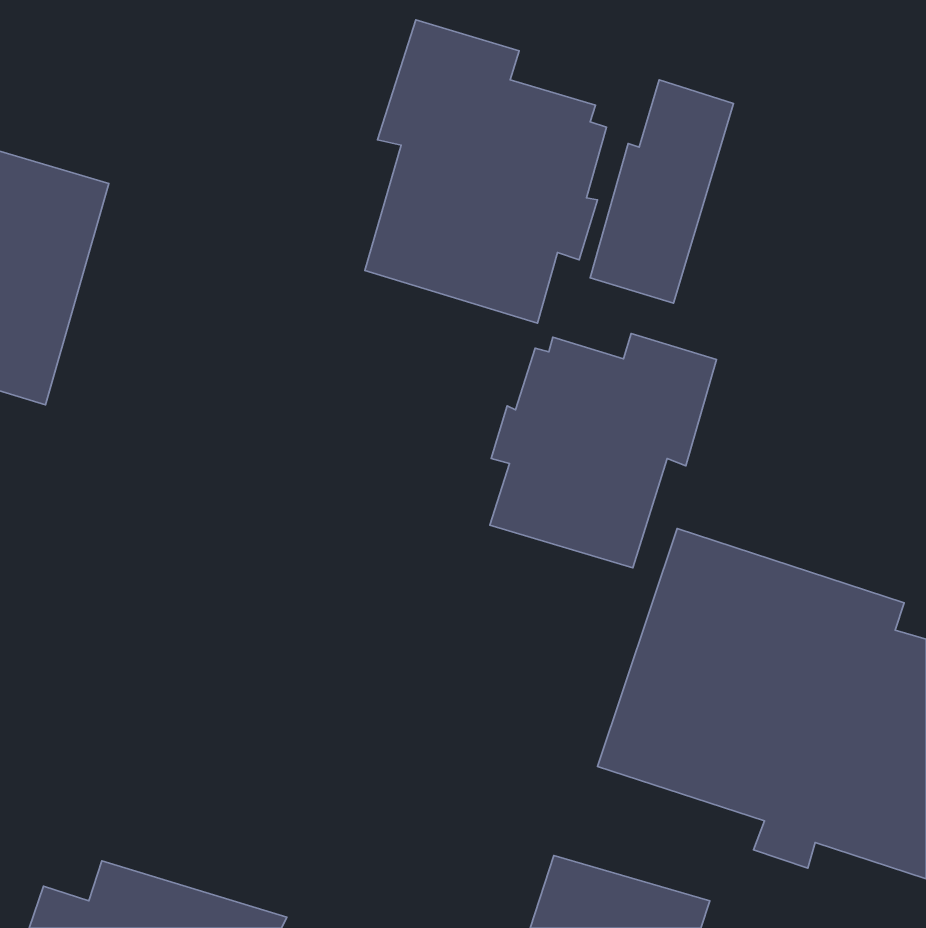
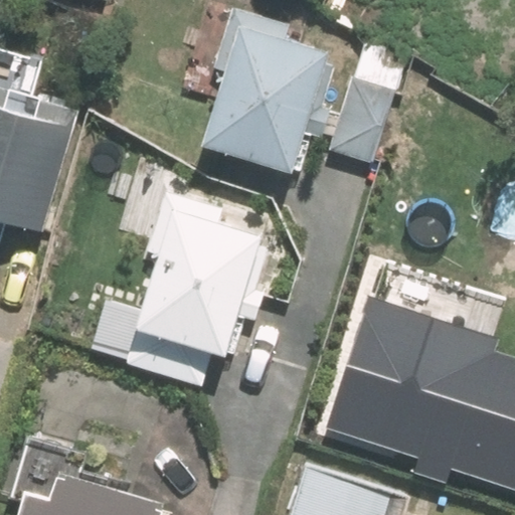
building: [490,333,717,568] -> none
building: none -> [133,197,264,362]

